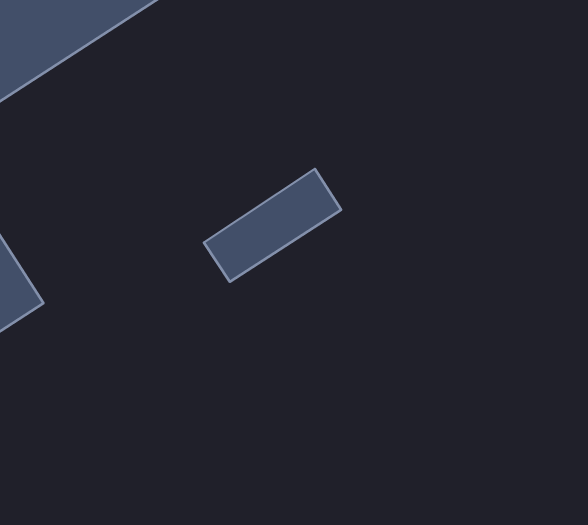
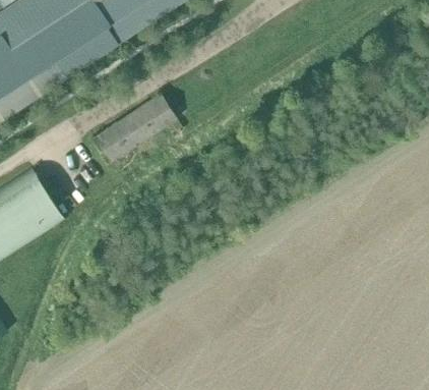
building: [204,169,341,282] -> [90,94,176,164]

